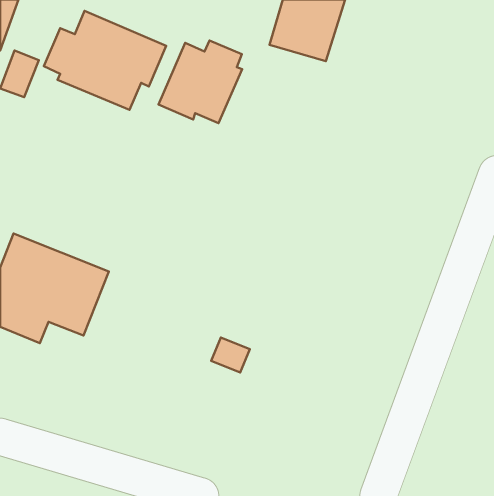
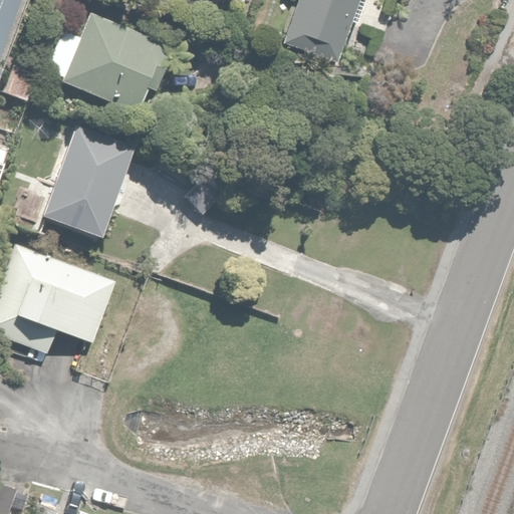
building: [159,41,242,123] -> none
building: none -> [41,125,134,237]

